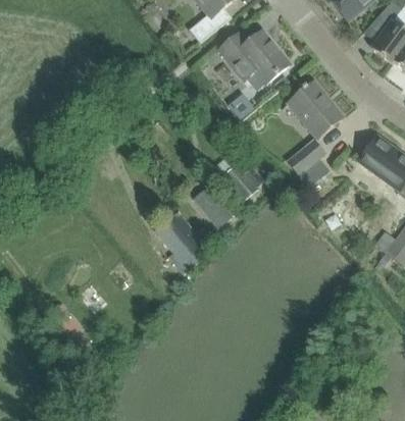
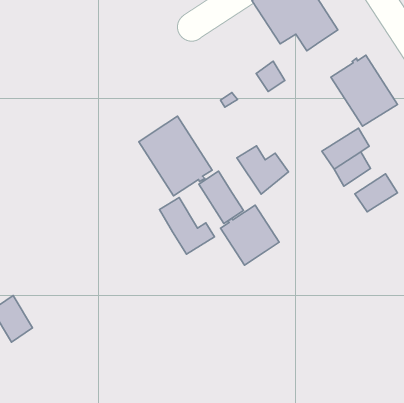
building: none -> [139,116,212,196]
building: none -> [355,174,398,212]
building: none -> [221,205,279,265]

